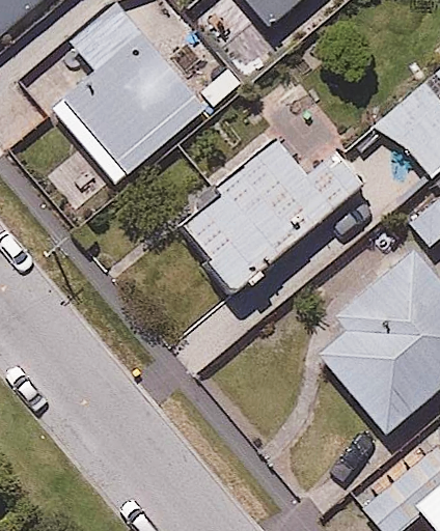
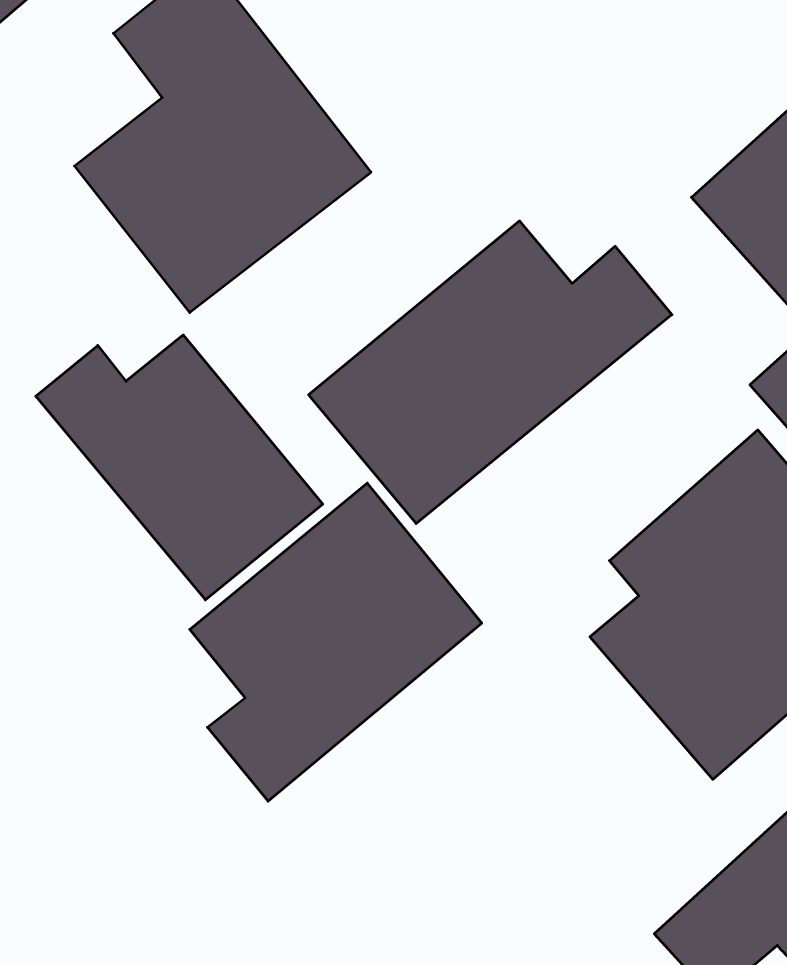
building: none -> [36,335,323,600]
building: none -> [190,483,482,801]

